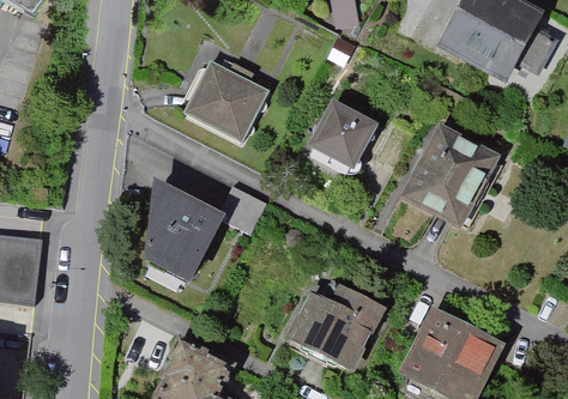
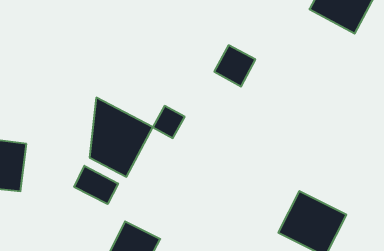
building: [182,59,266,139] -> none
building: [407,131,501,230] -> none
building: none -> [74,166,118,204]
building: [285,284,377,363] -> none

